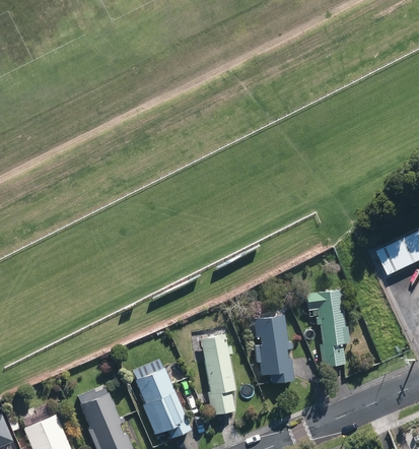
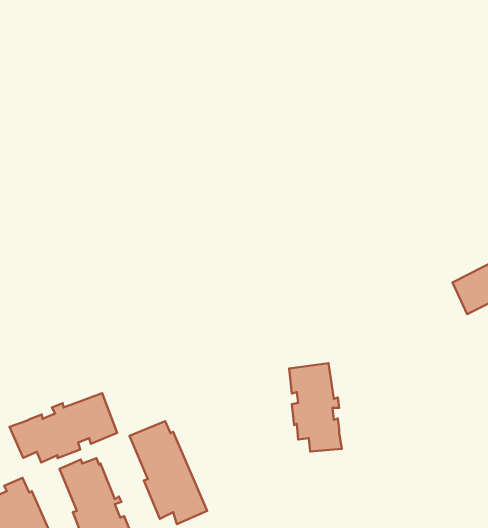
building: [305,287,350,366] -> none
building: [200,333,235,414] -> none
building: none -> [9,393,117,462]

